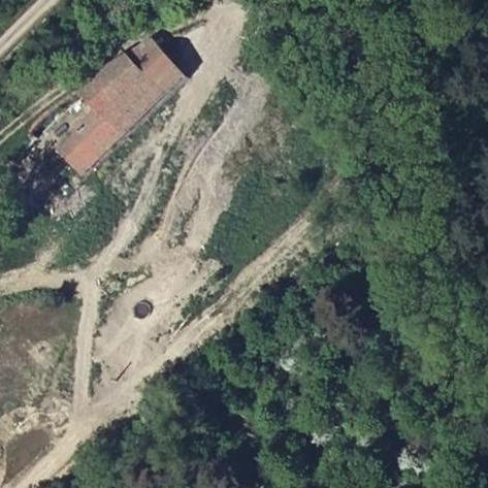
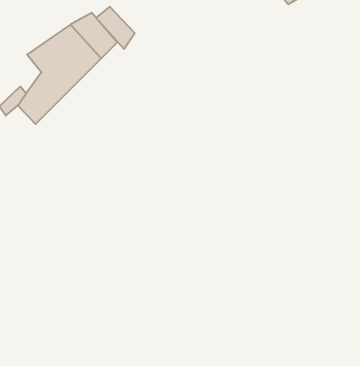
building: none -> [96,7,135,49]

